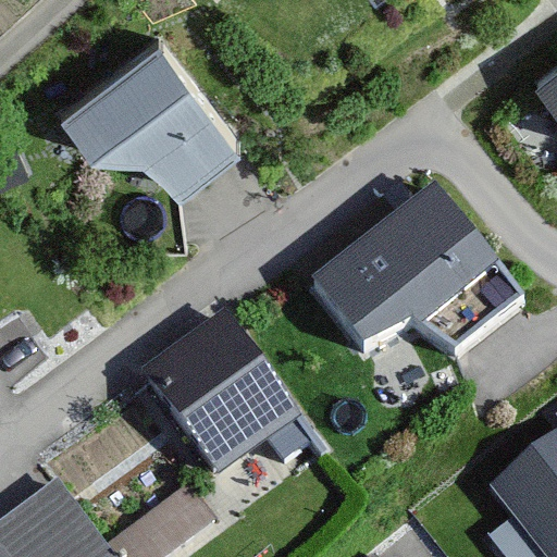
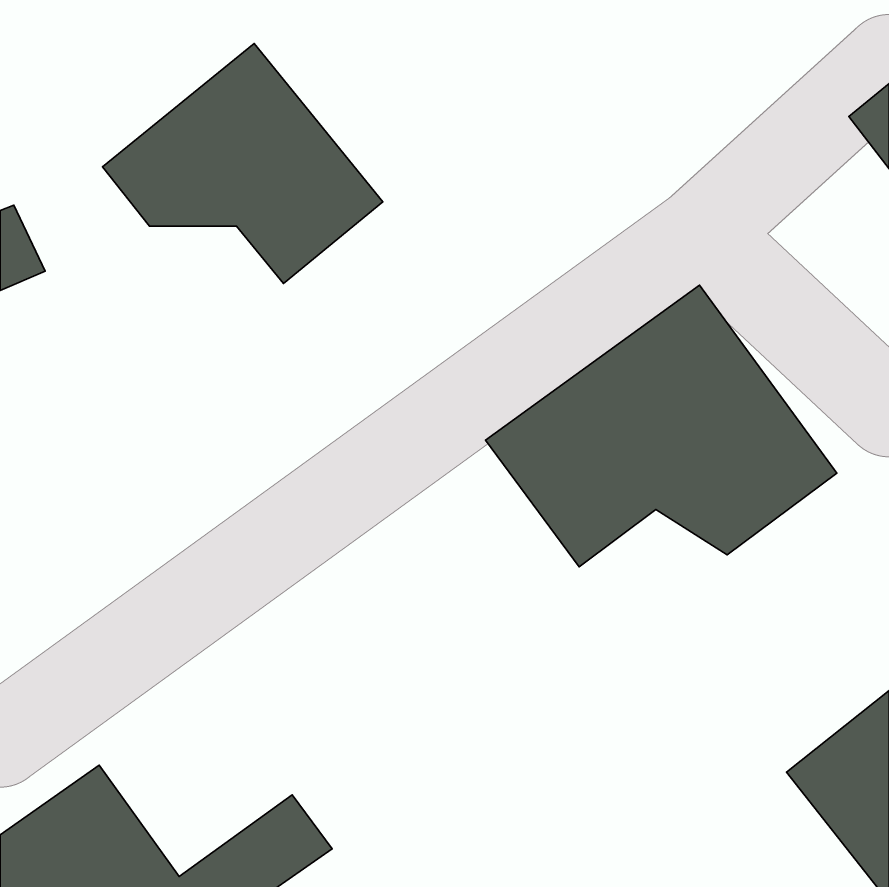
building: [138,317,298,482] -> none

